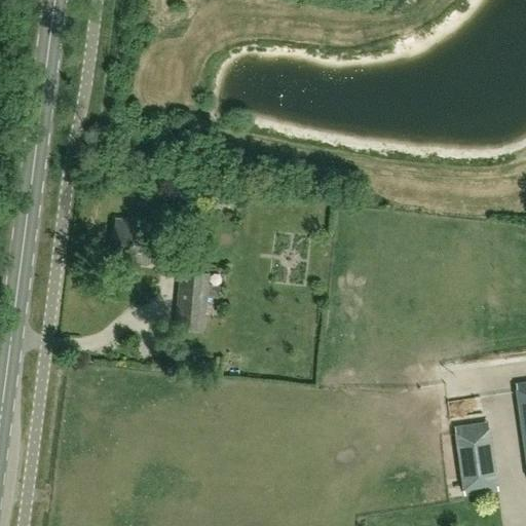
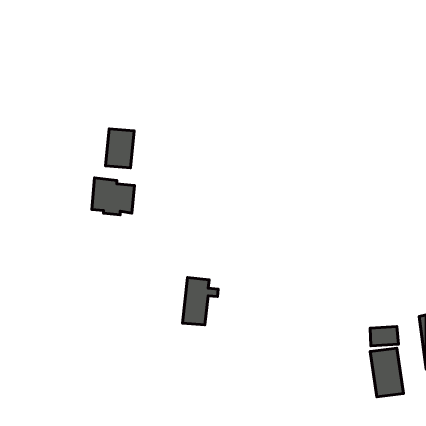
building: none -> [106,129,134,168]
building: [174,270,218,329] -> [182,277,218,325]

